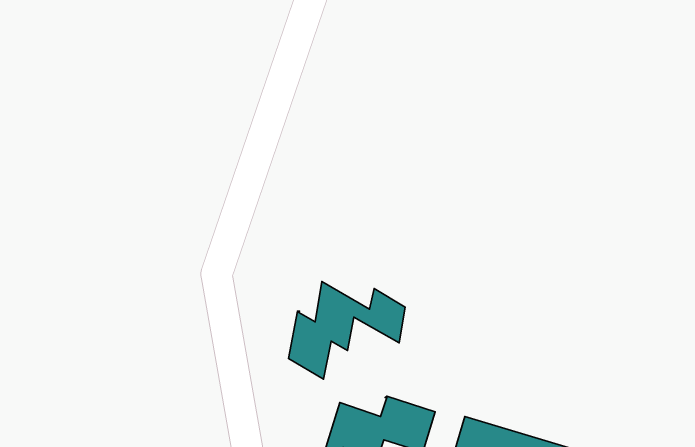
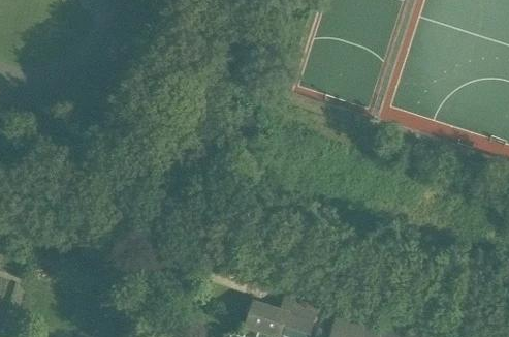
building: [289,281,405,379] -> none

